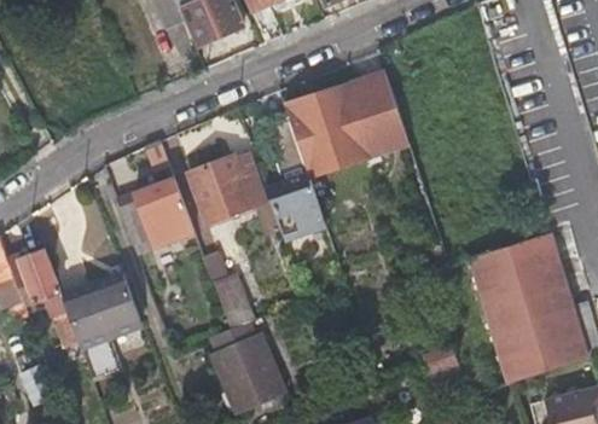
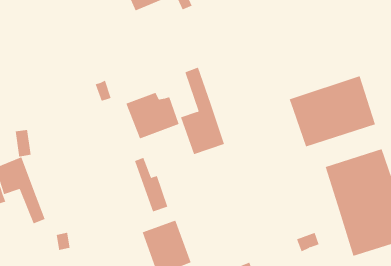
building: [286,74,407,173] -> [289,76,376,147]
building: [116,179,193,246] -> none
building: [63,271,139,341] -> none

